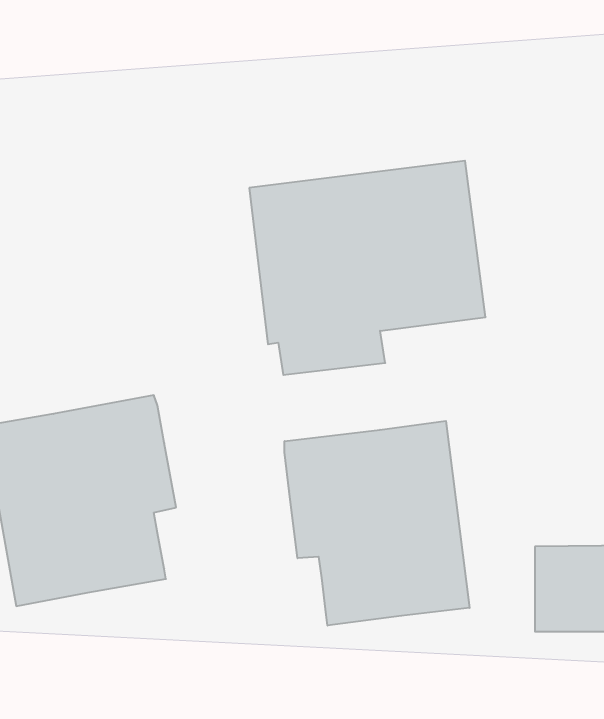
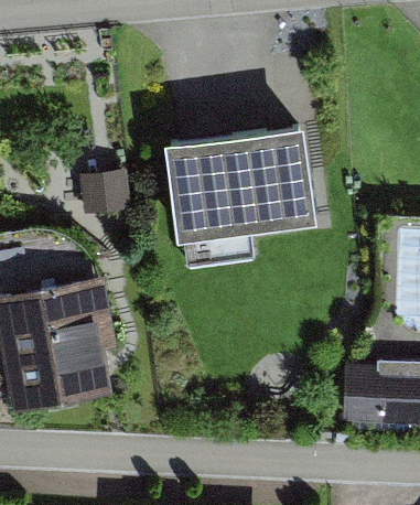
building: [284,421,470,626] -> none

